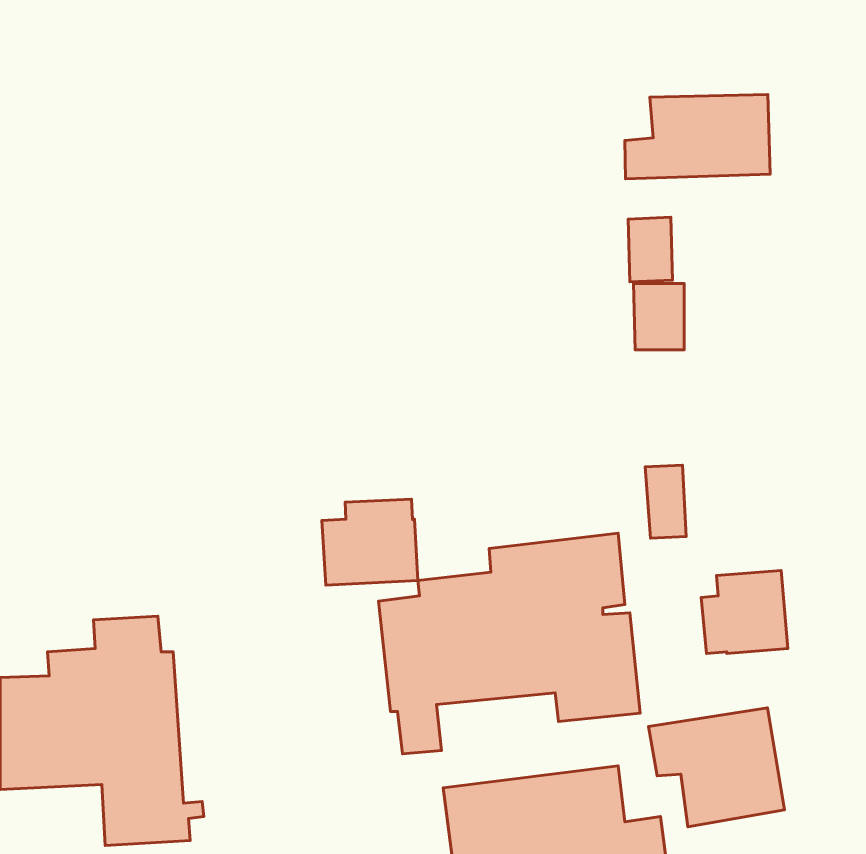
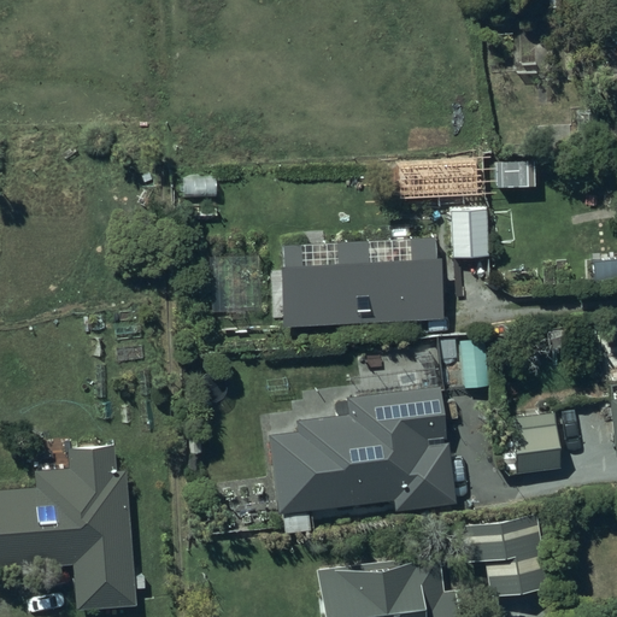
building: [625,94,770,179] -> none
building: none -> [281,237,442,325]
building: [322,499,418,585] -> none

